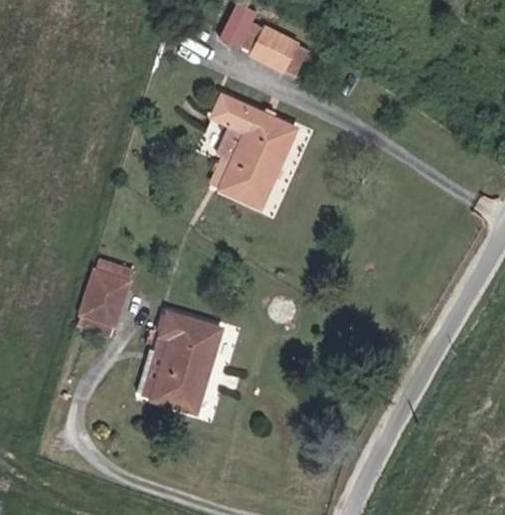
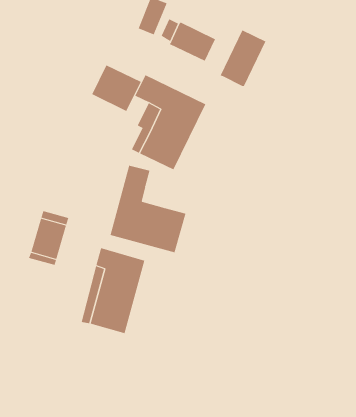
building: none -> [220,30,266,87]
building: none -> [91,65,141,112]
building: none -> [110,165,186,253]

